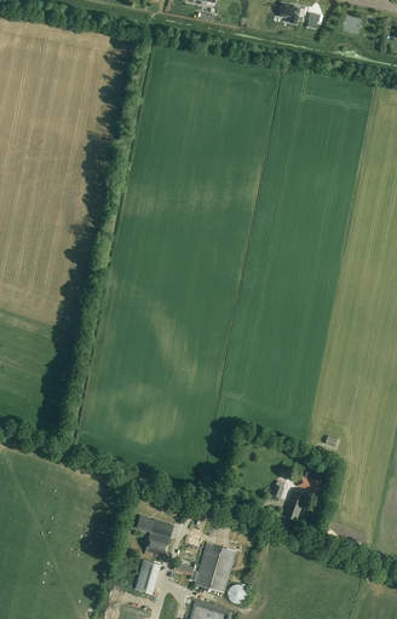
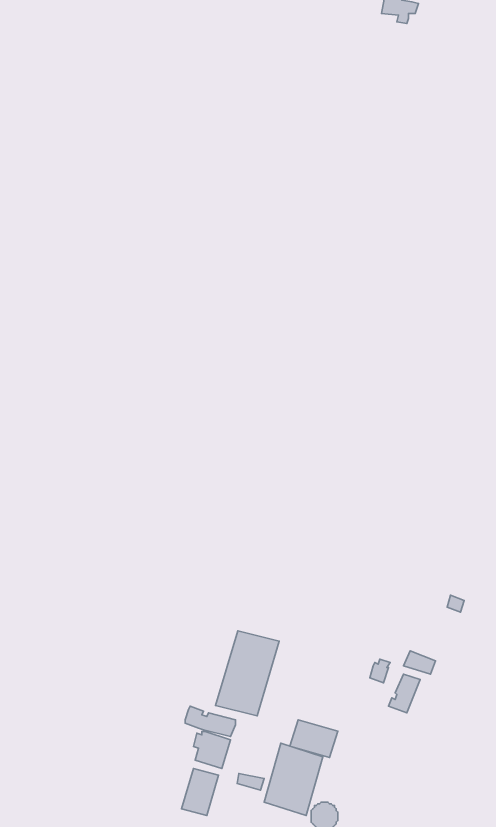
building: none -> [216,631,279,716]
building: none -> [290,720,338,757]

